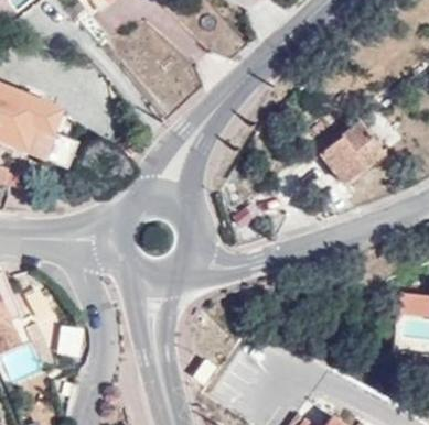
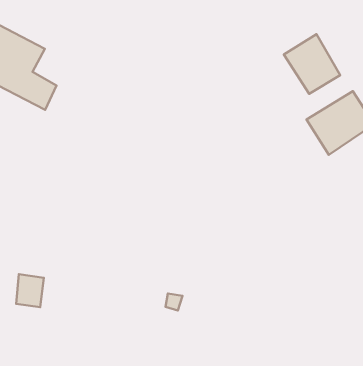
building: none -> [284,34,340,94]

